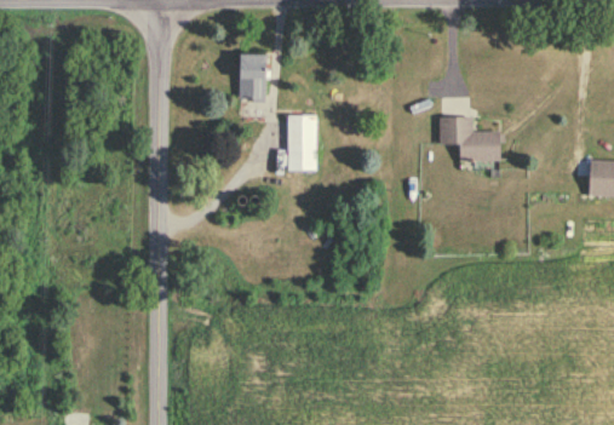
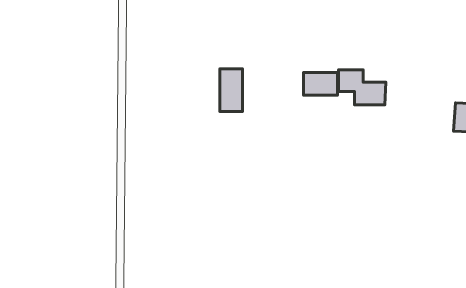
building: [240,54,268,102] -> none
building: none -> [303,72,337,95]

